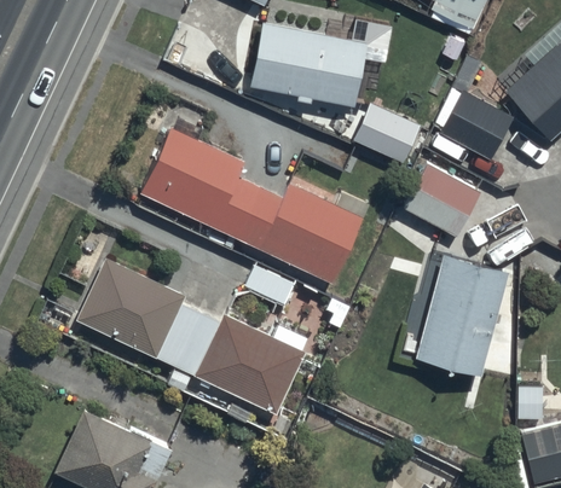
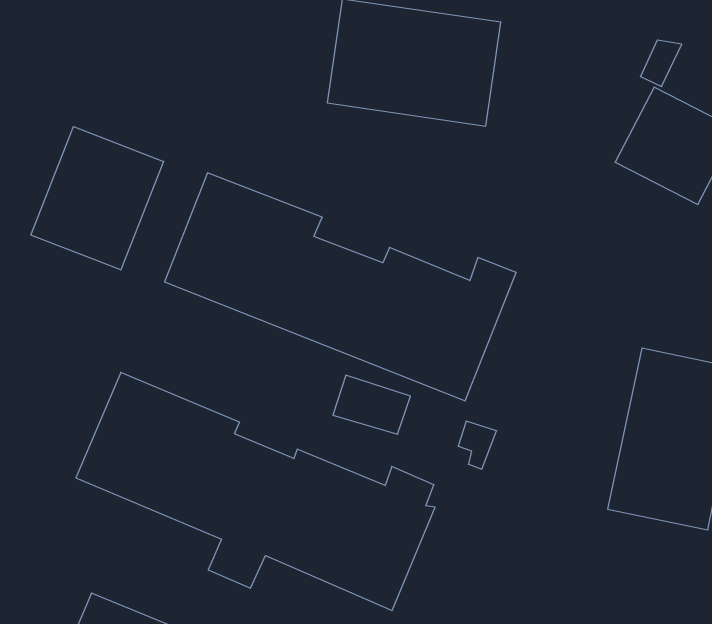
building: none -> [31,127,164,270]
building: [355,106,421,163] -> none
building: [400,161,481,237] -> none

